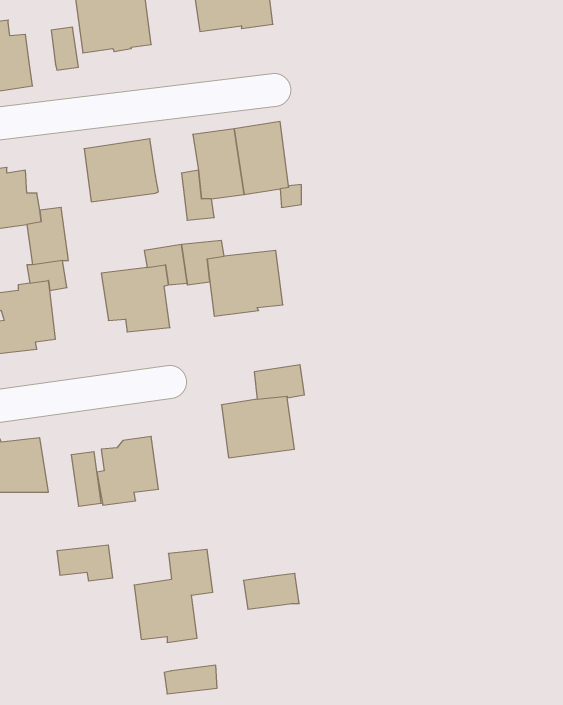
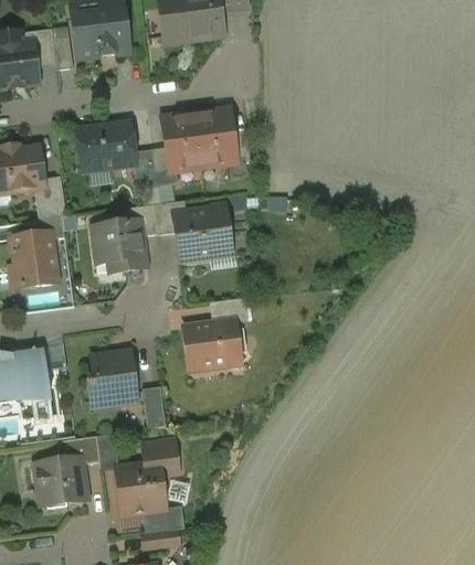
building: none -> [20,29,56,67]
building: none -> [134,149,158,190]
building: [71,452,101,506] -> [142,386,166,428]
building: none -> [35,457,88,509]
building: [243,573,299,609] -> [142,505,186,533]

